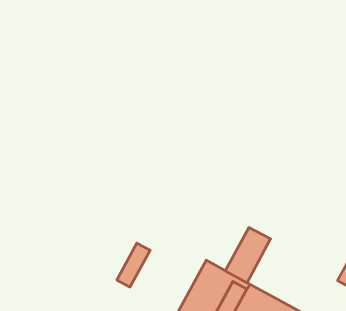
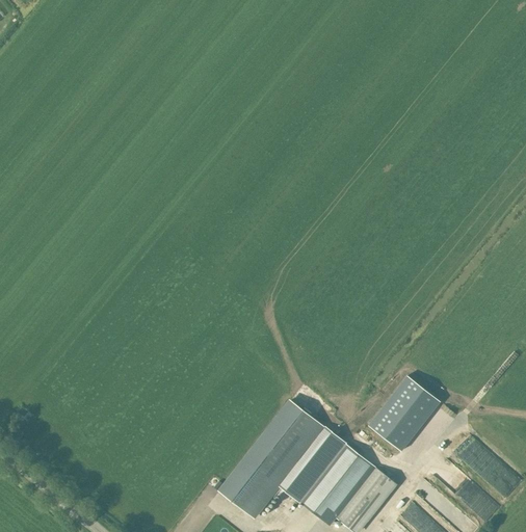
building: [225,228,271,283] -> [372,382,436,451]
building: [117,243,150,287] -> none

